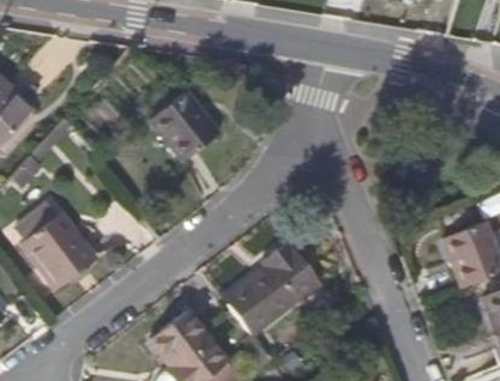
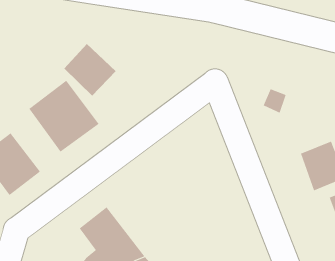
building: none -> [28,80,100,153]
building: [224,240,319,332] -> none

